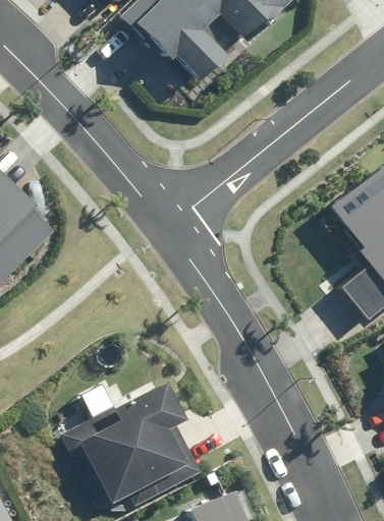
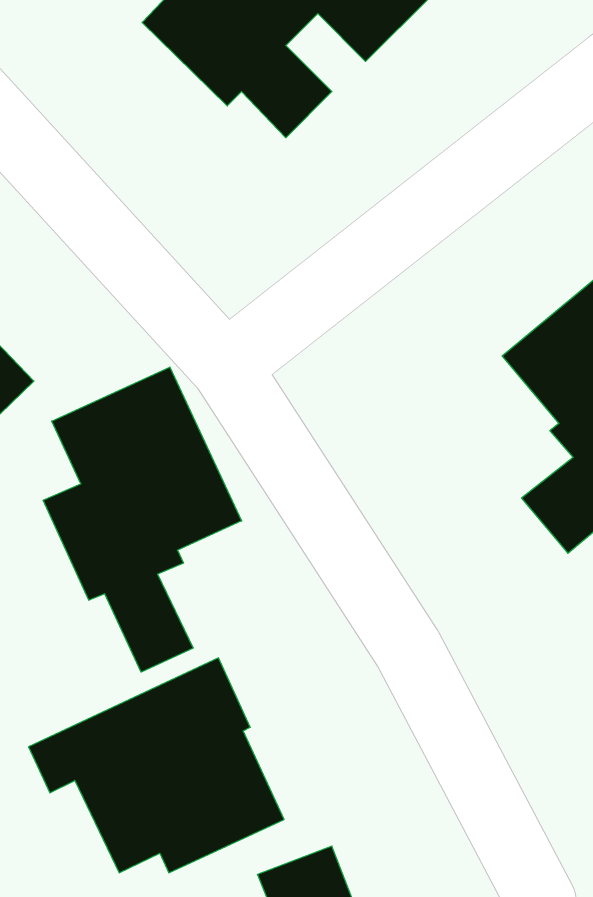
building: none -> [43,367,242,672]

